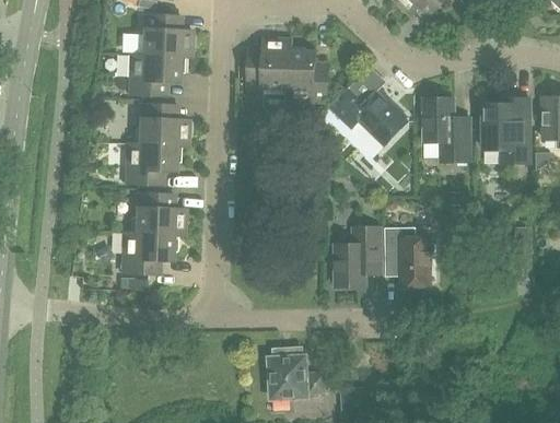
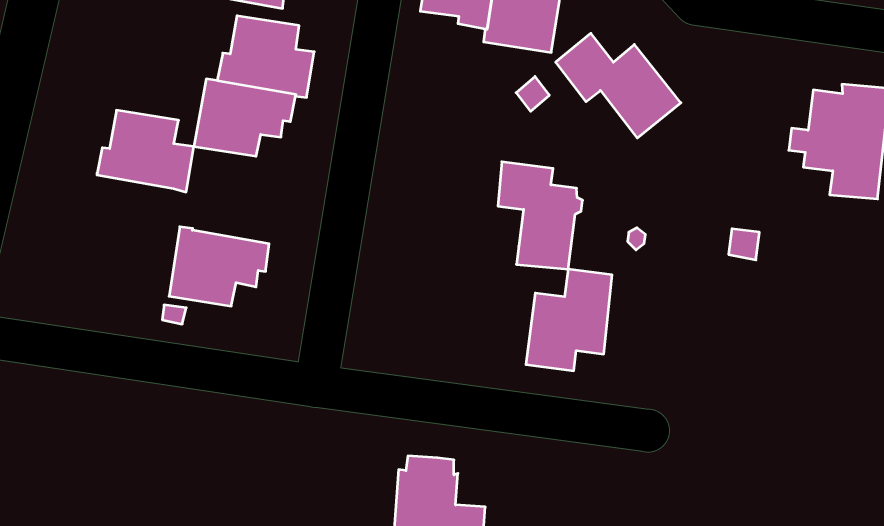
building: [423,97,470,161] -> none
building: [130,192,185,235] -> [97,110,194,192]
building: [384,226,434,285] -> [498,162,583,269]

